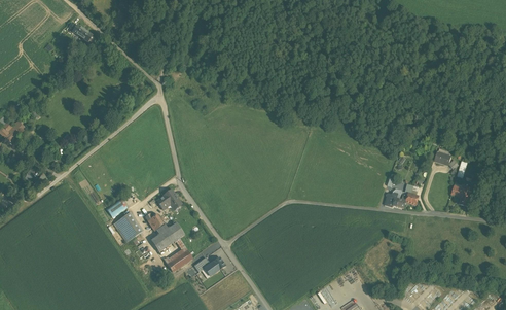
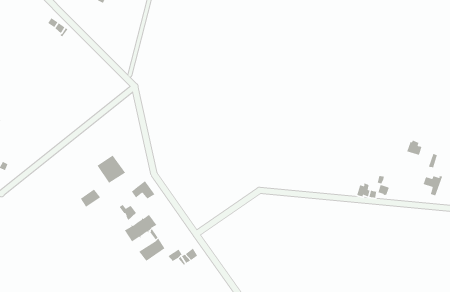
building: [112,213,142,243] -> [97,154,126,184]

